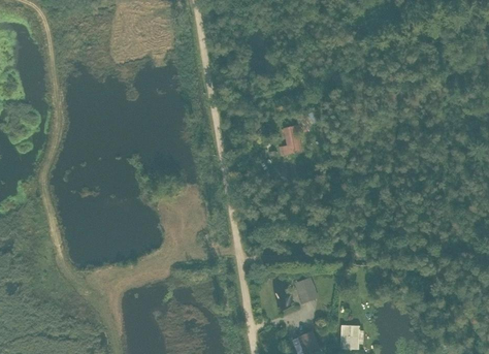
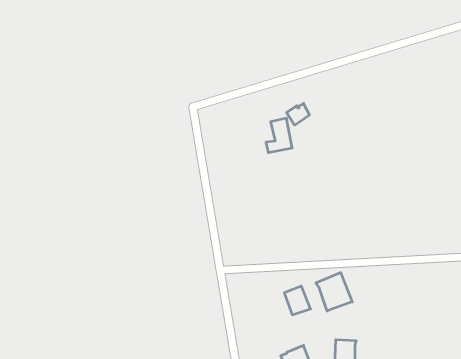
building: none -> [316,273,352,311]

